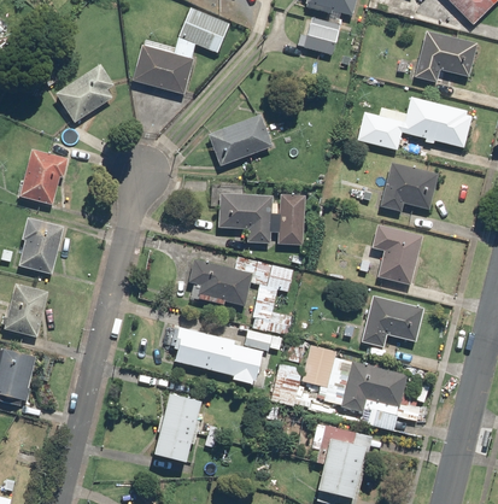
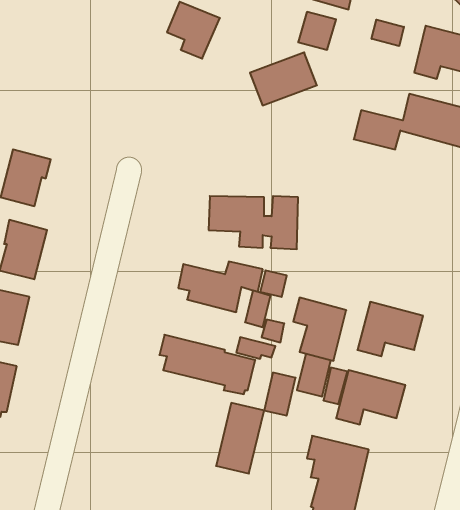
building: none -> [372,20,404,46]
building: [133,46,193,94] -> none
building: [55,64,113,123] -> none
building: [209,115,273,165] -> [250,52,317,105]
building: [380,163,438,212] -> none
building: [371,224,422,285] -> [293,298,346,361]
building: [153,395,199,463] -> [216,403,264,474]

